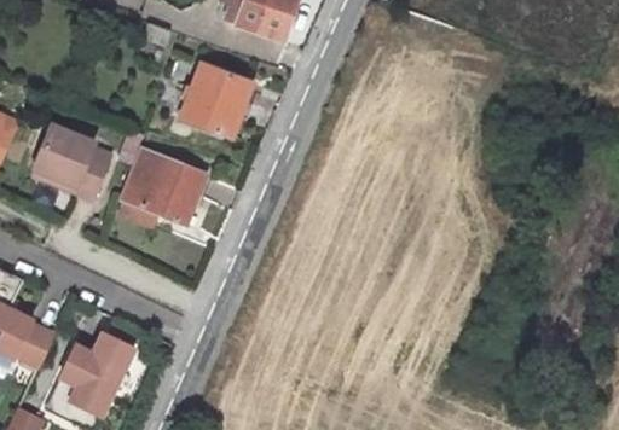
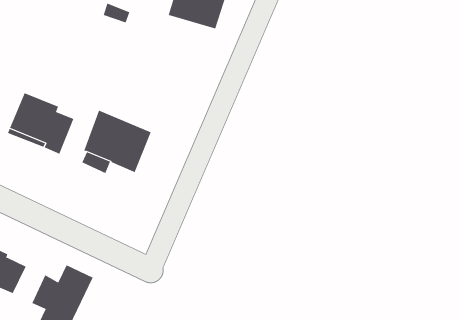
building: [180,60,254,136] -> none

